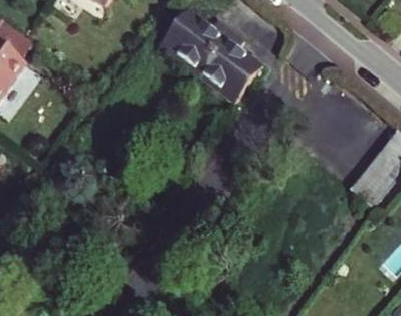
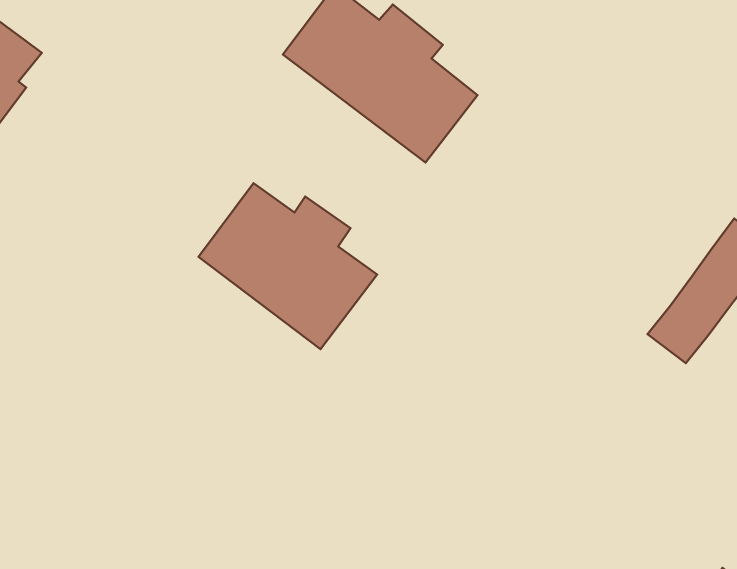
building: none -> [198,183,377,349]

